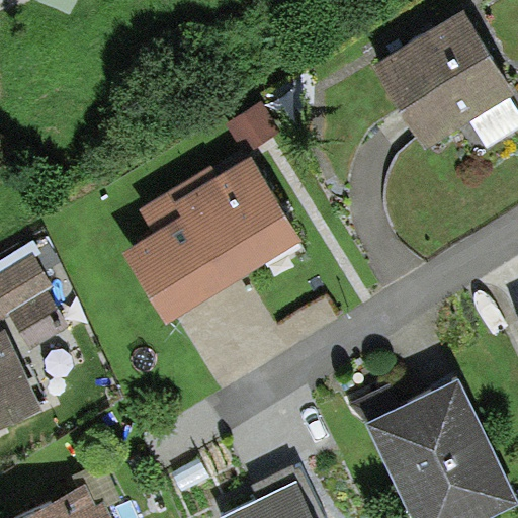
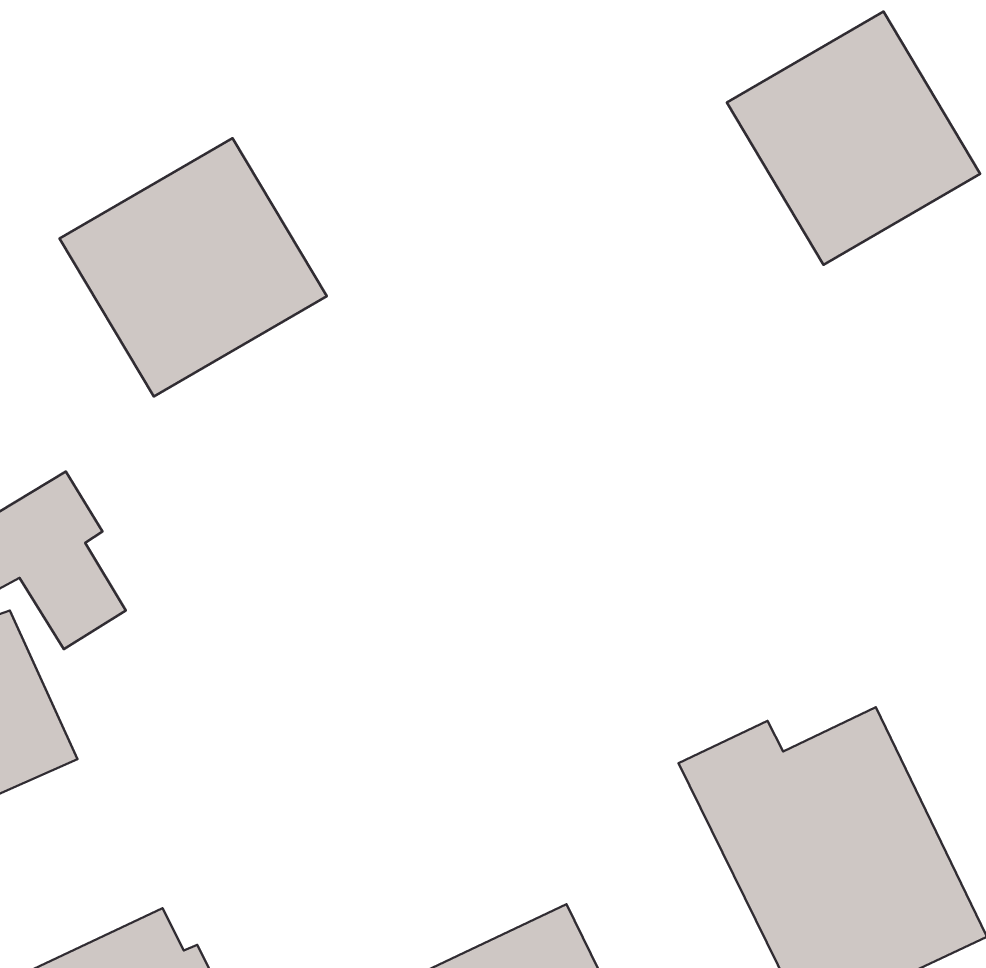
building: none -> [59,138,327,396]
building: [128,163,296,317] -> none

